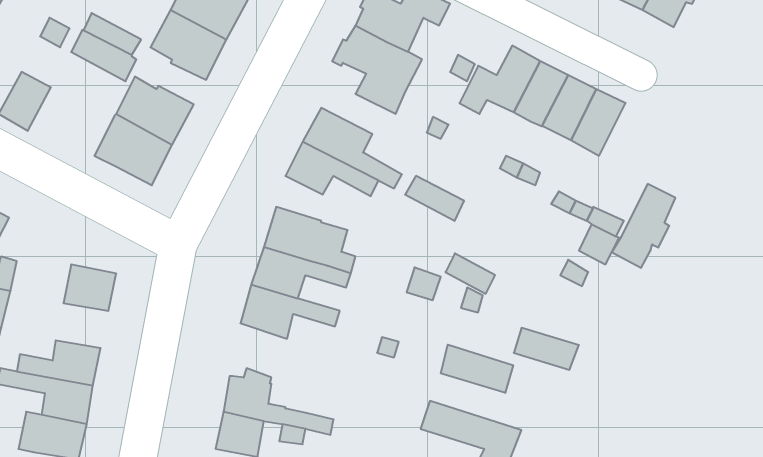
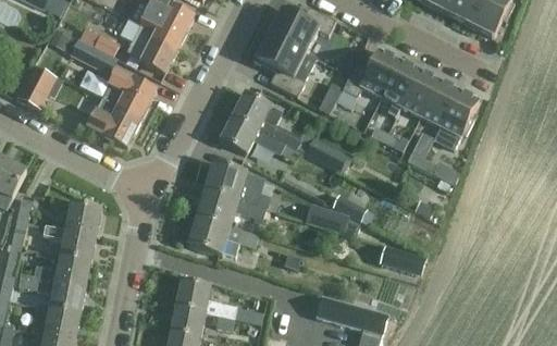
building: [612,184,675,268] -> [433,88,478,147]
building: none -> [41,224,96,260]
building: [441,345,513,393] -> none

